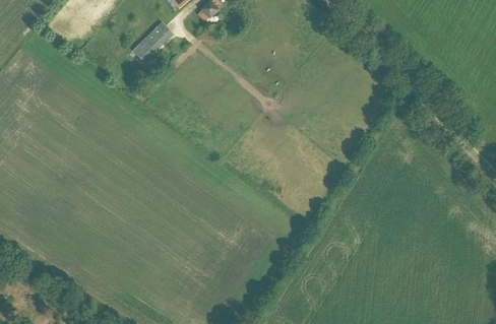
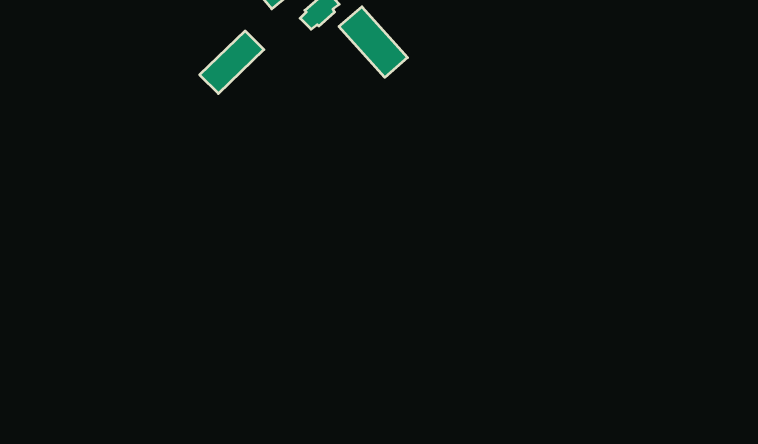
building: none -> [339,7,408,77]

